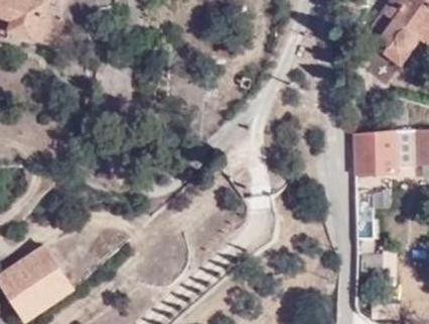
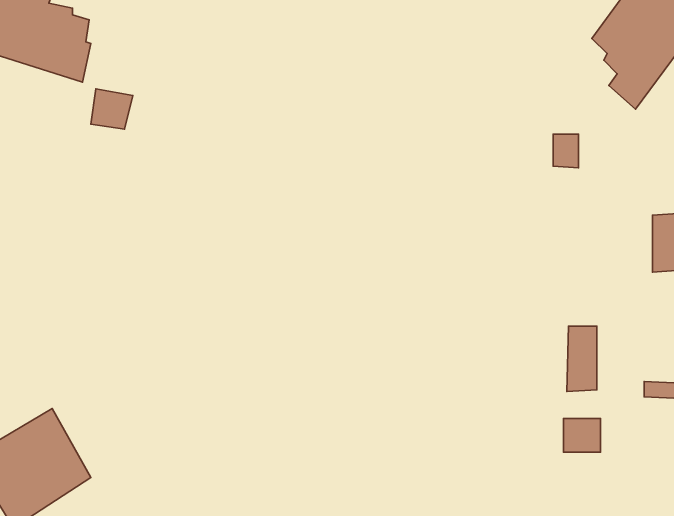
building: [355,130,398,179] -> none

